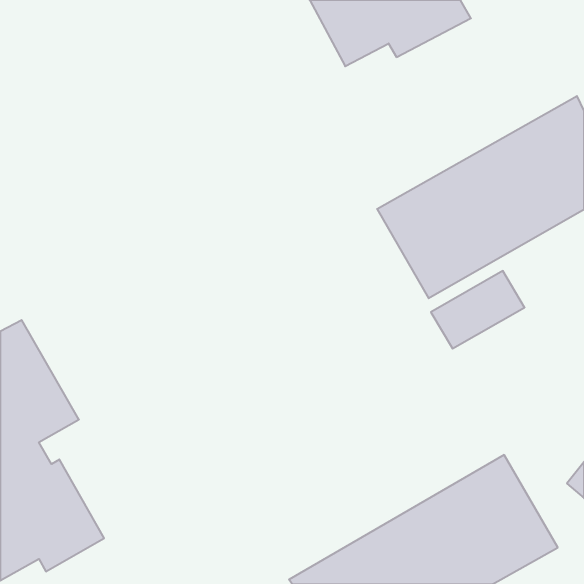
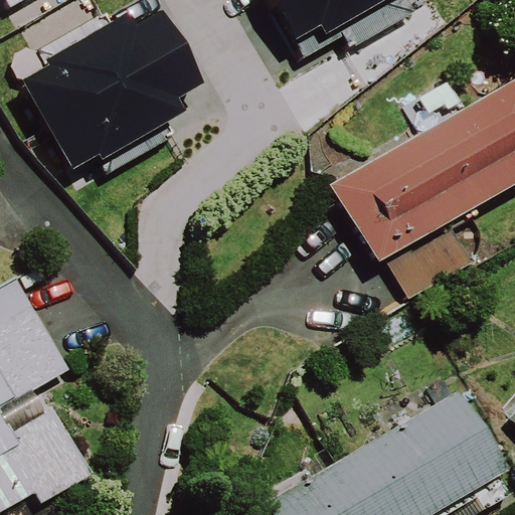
building: none -> [23,8,206,167]

